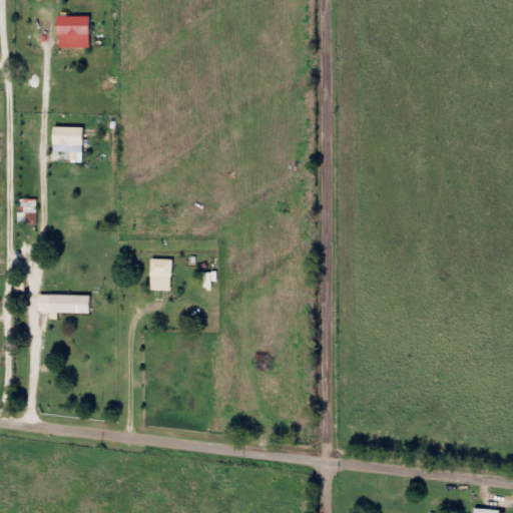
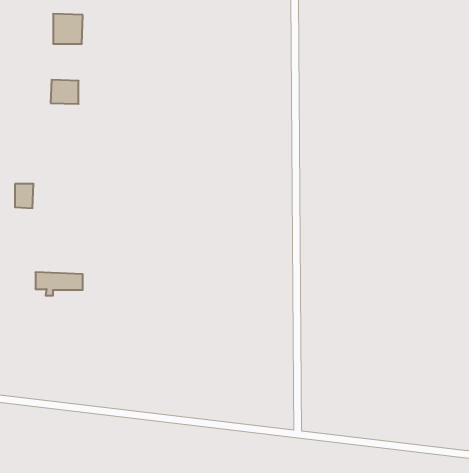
building: [52,126,82,152] -> [51,80,79,104]
building: [149,259,171,290] -> none

